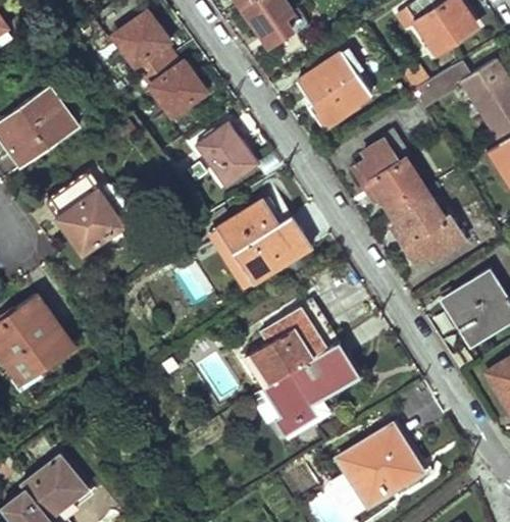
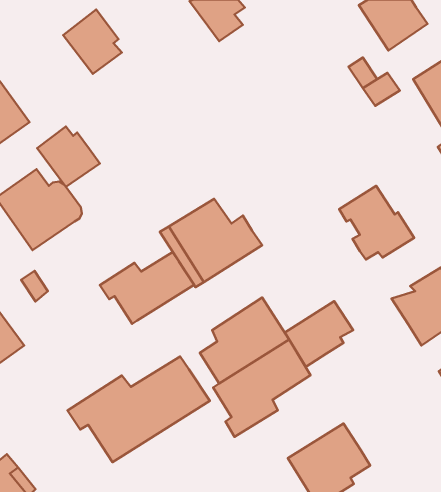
building: [297,52,371,127] -> none
building: [144,56,206,116] -> [37,127,100,187]
building: [197,123,258,187] -> none
building: [355,143,425,212] -> none
building: none -> [100,252,194,324]
building: none -> [285,301,353,367]
building: none -> [67,356,210,462]

